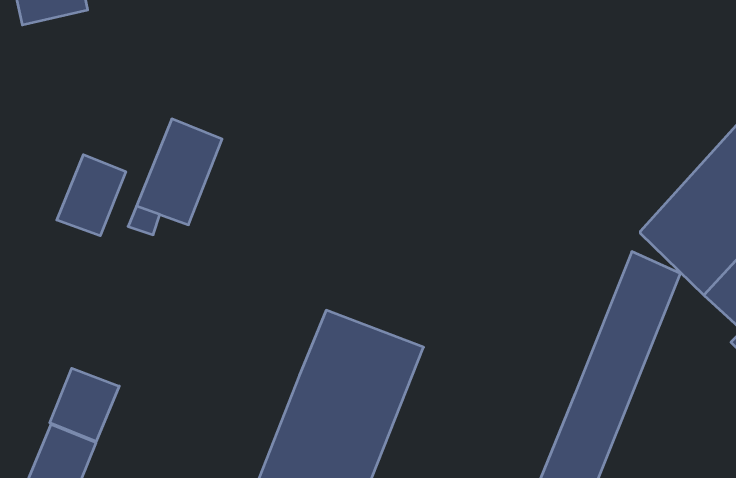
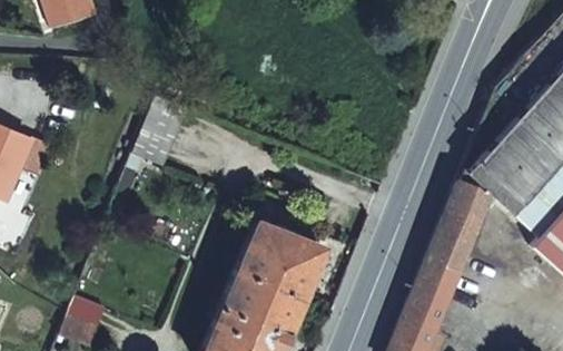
building: [57,155,126,236] -> none
building: [50,368,119,442] -> none

